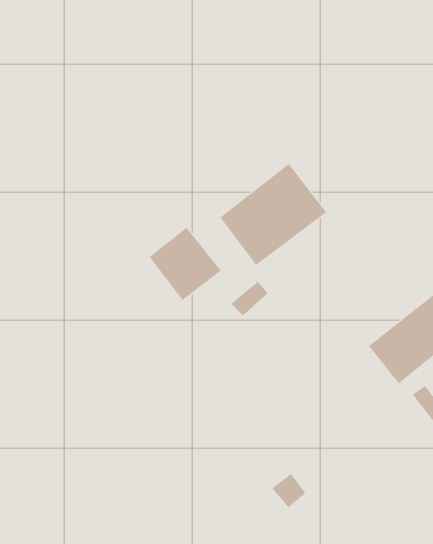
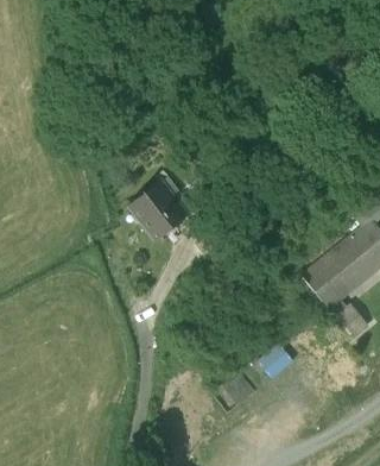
building: [220,163,327,266] -> none

